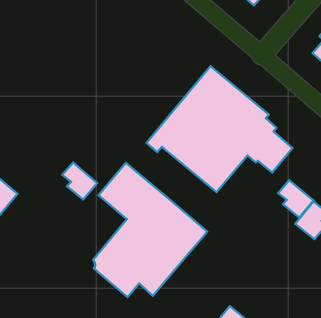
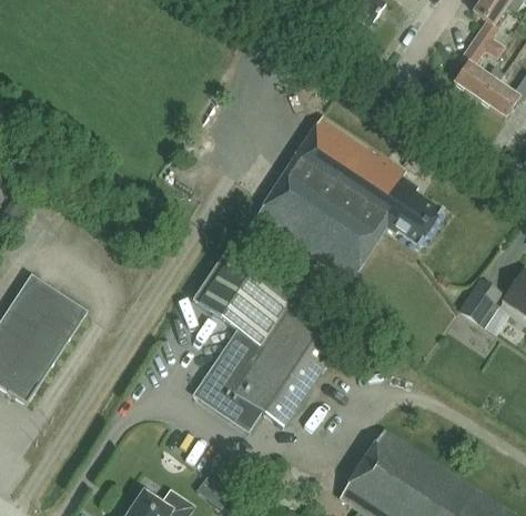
building: [62,163,97,199] -> none
building: [278,180,314,217] -> none

